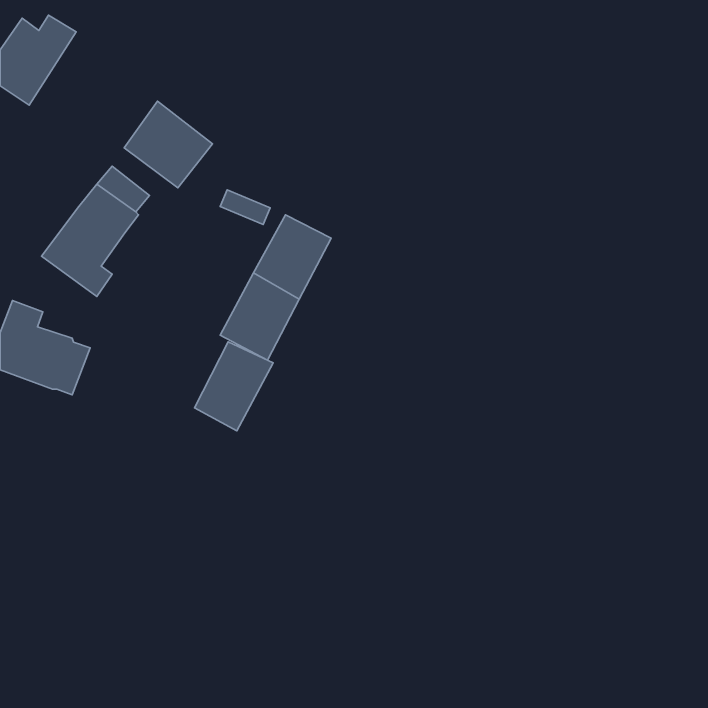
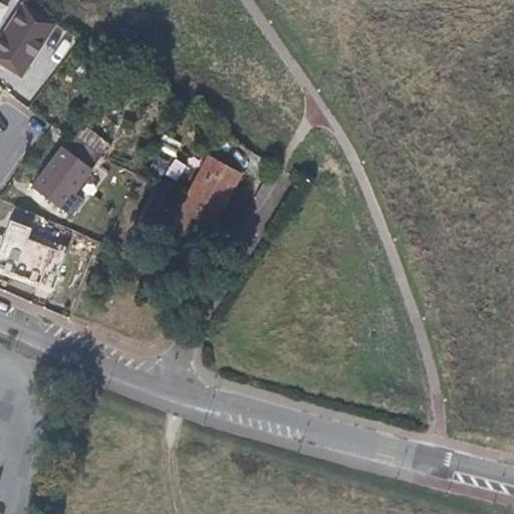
building: [124,101,213,188] -> none
building: [194,342,273,431] -> none

